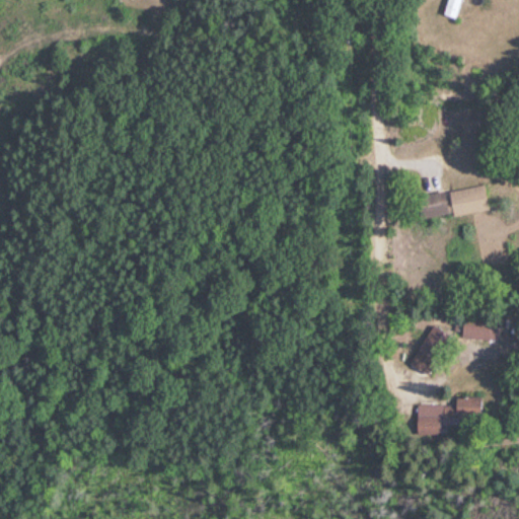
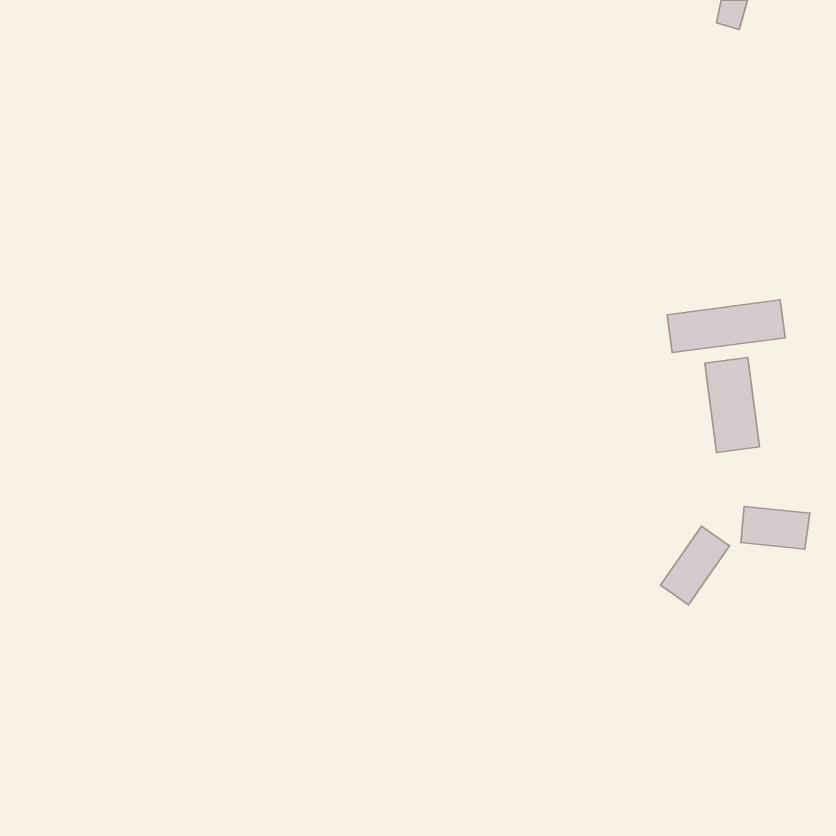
building: none -> [705,358,759,453]
building: [416,397,475,429] -> none

